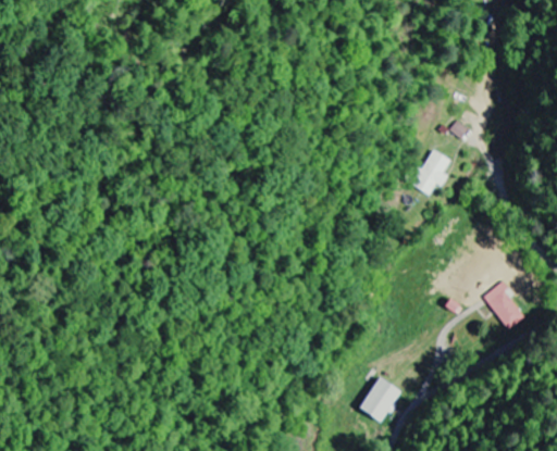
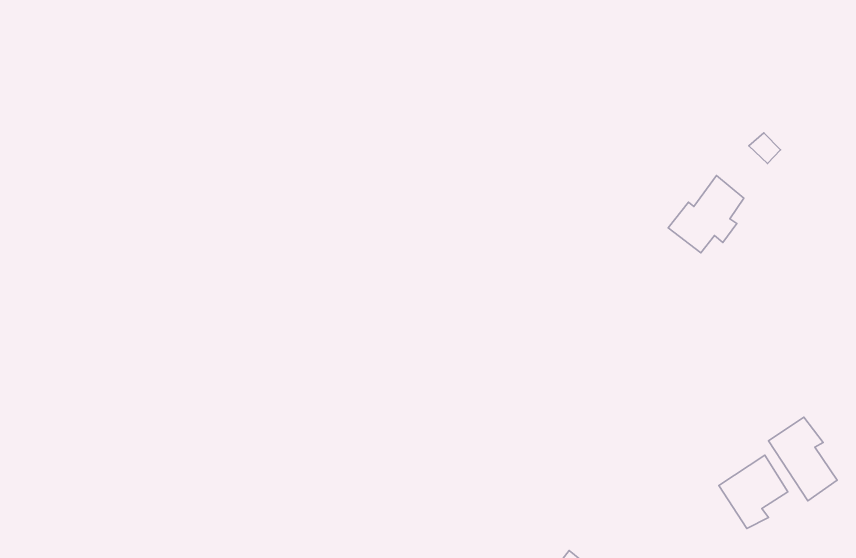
building: none -> [719,455,788,528]

